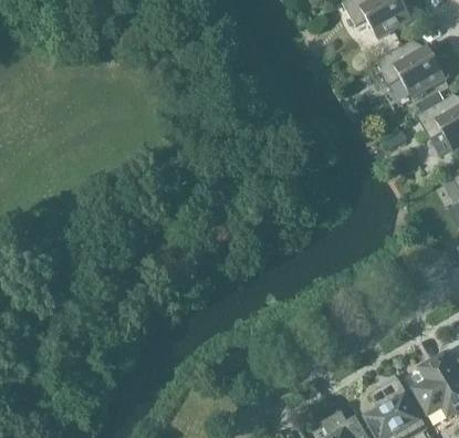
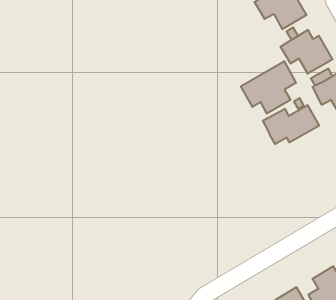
building: none -> [241,61,296,114]
building: none -> [263,105,319,144]

